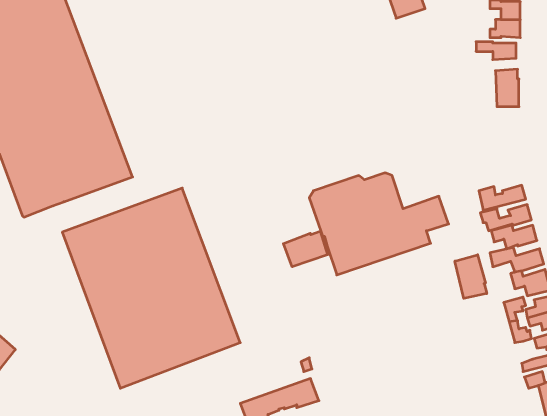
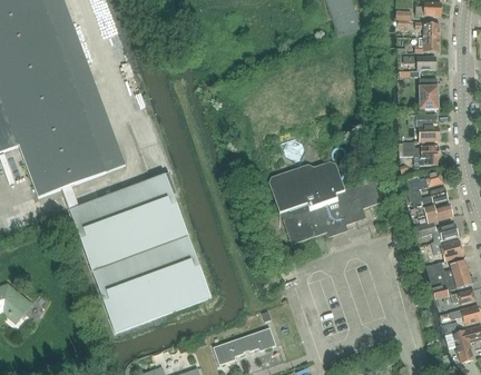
building: none -> [408,115,439,141]
building: none -> [399,142,439,168]
building: [283,231,328,267] -> none
building: [455,255,487,298] -> none

